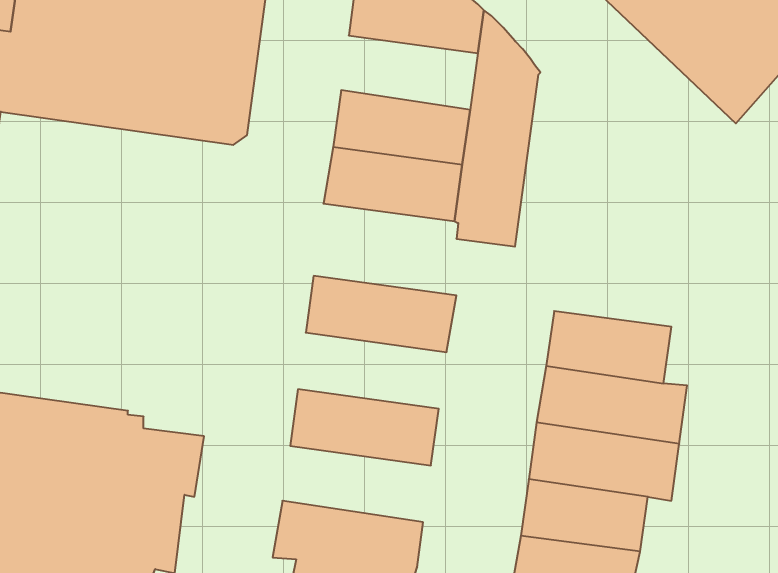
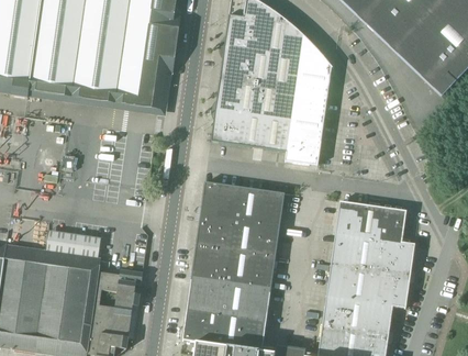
building: none -> [220,46,297,88]
building: none -> [196,213,279,256]
building: none -> [187,277,270,320]

